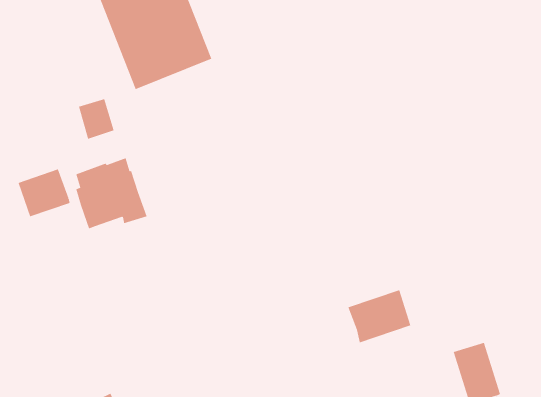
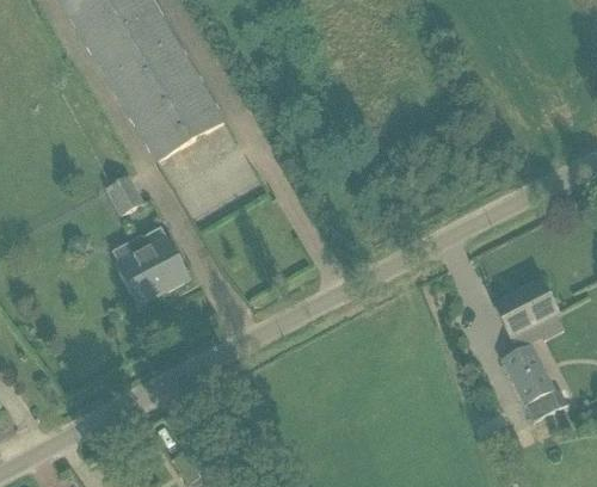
building: [18,169,70,217] -> none
building: [348,290,411,343] -> [494,281,558,338]

